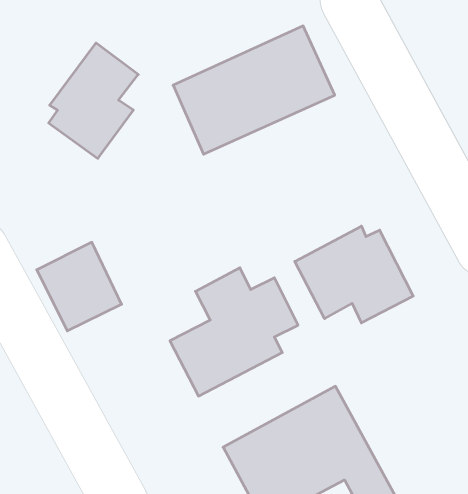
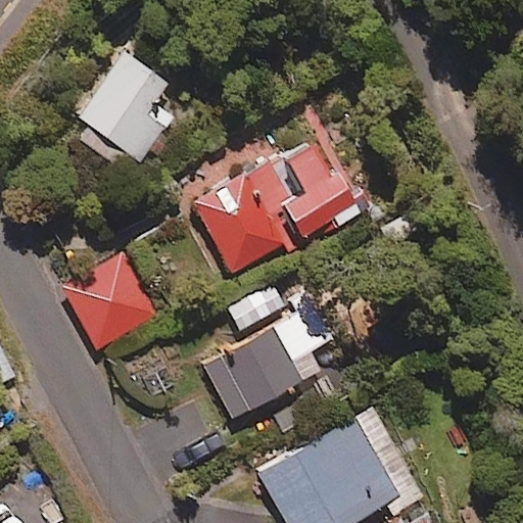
building: [173,26,335,154] -> [193,139,361,272]
building: [295,226,413,323] -> none

